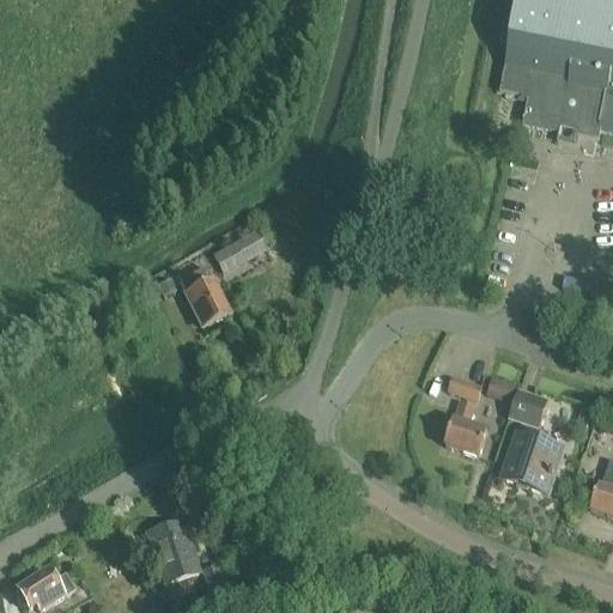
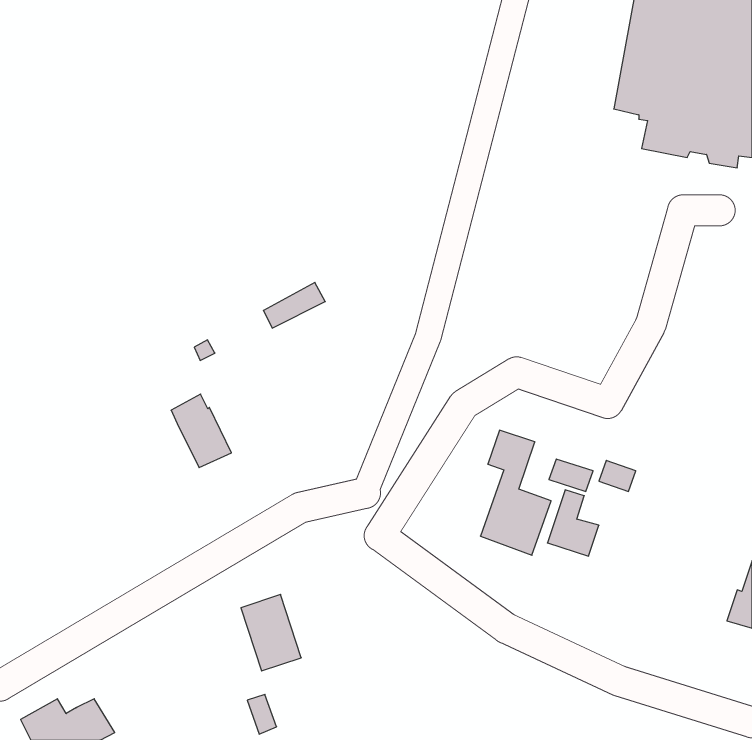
building: [180,265,229,324] -> [171,394,231,468]
building: [505,388,563,490] -> [480,430,551,555]
building: [146,520,195,582] -> [241,594,301,671]

